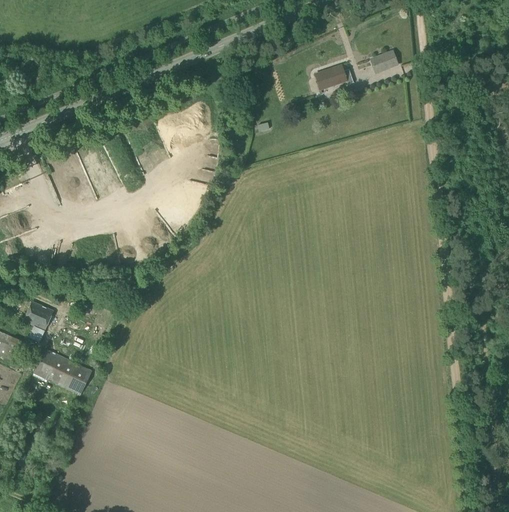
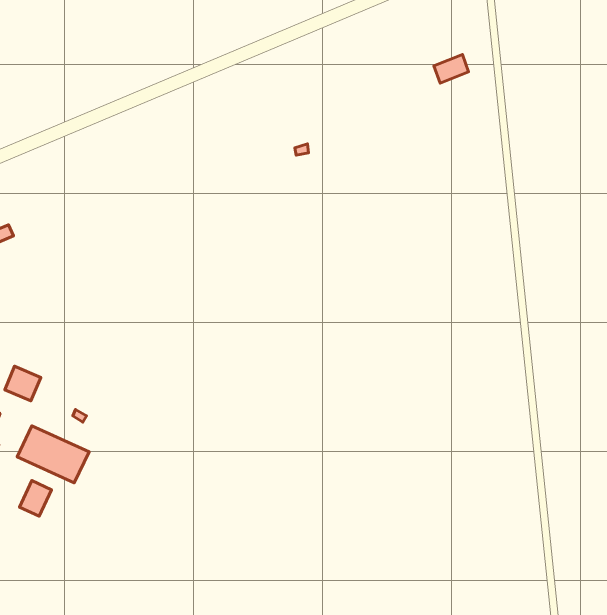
building: [314,65,353,89] -> none
building: none -> [19,481,51,516]

